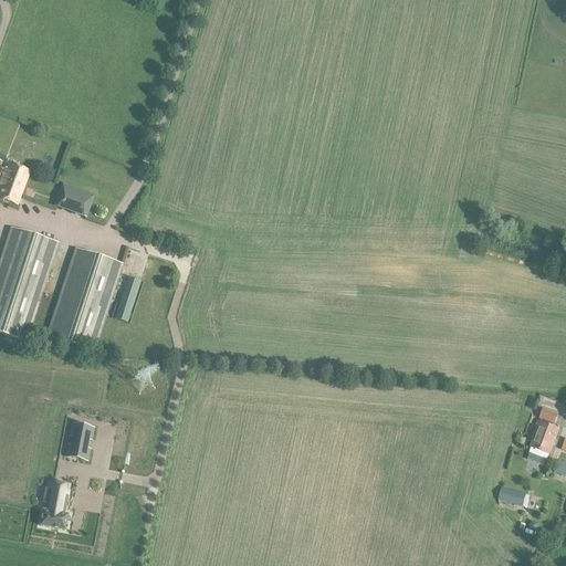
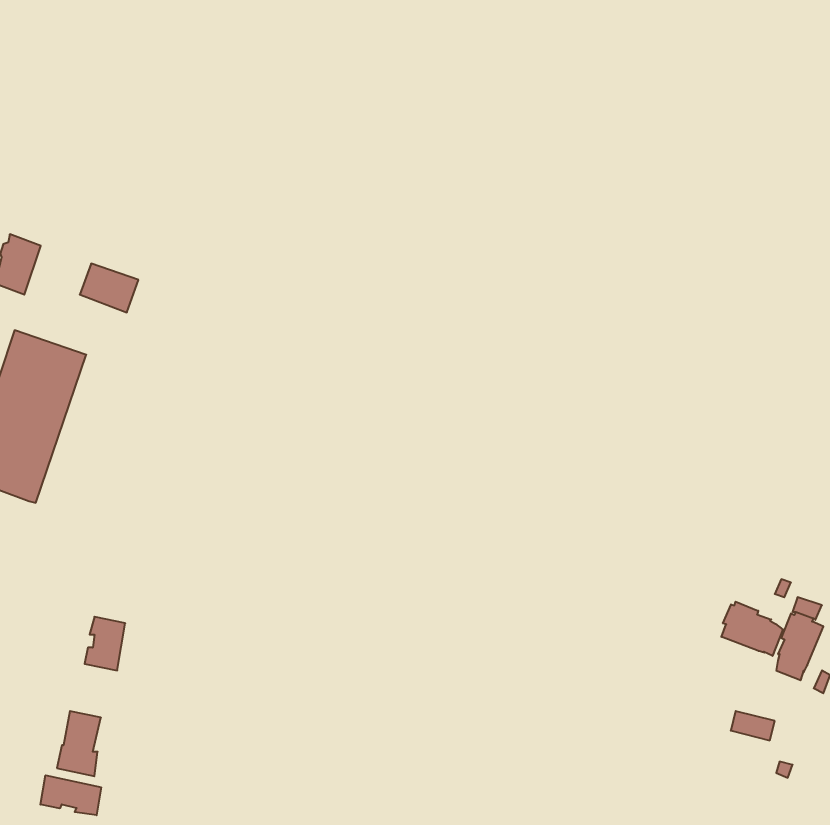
building: [45,247,124,353] -> none
building: none -> [721,602,783,656]
building: none -> [40,775,101,815]

